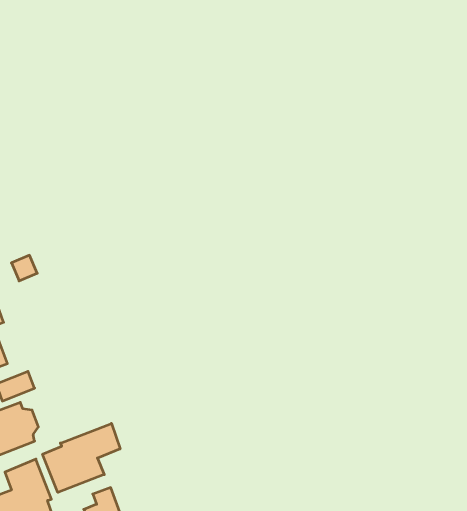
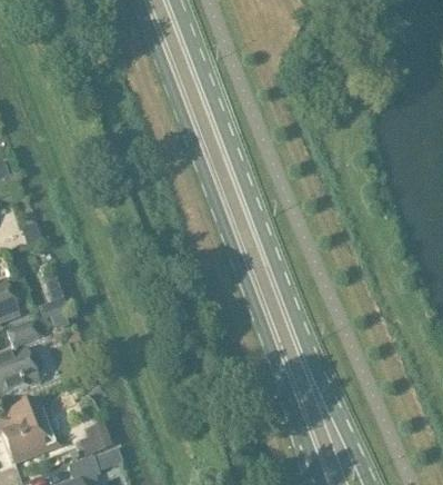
building: [43,423,120,492] -> none

